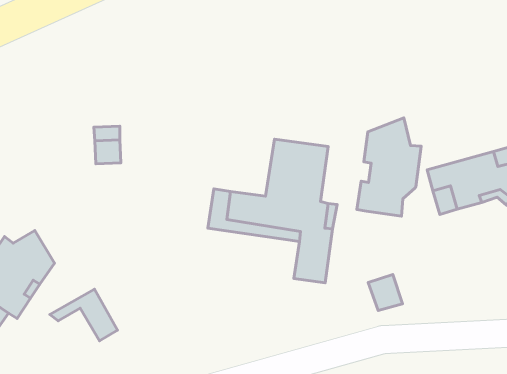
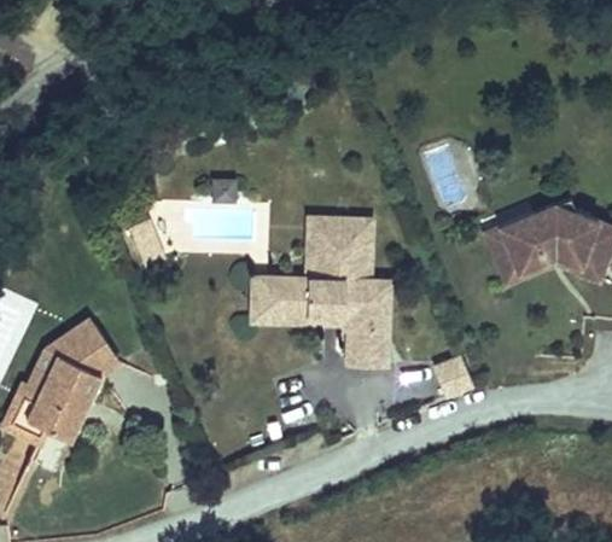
building: [357,118,421,216] -> none
building: [50,289,118,341] -> [42,320,116,374]

